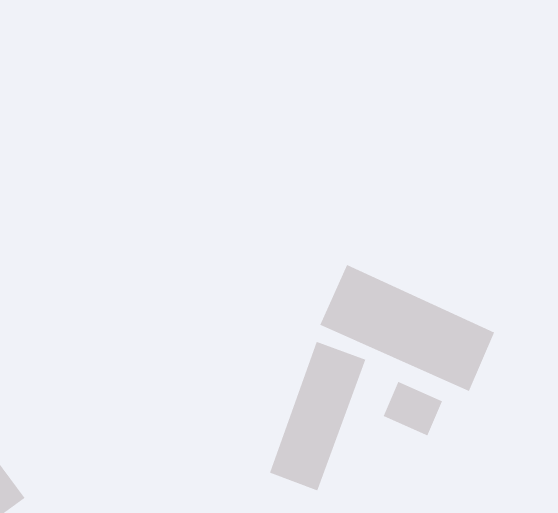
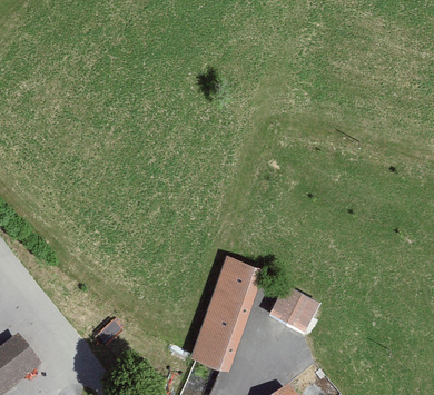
building: [320,264,495,392] -> none

